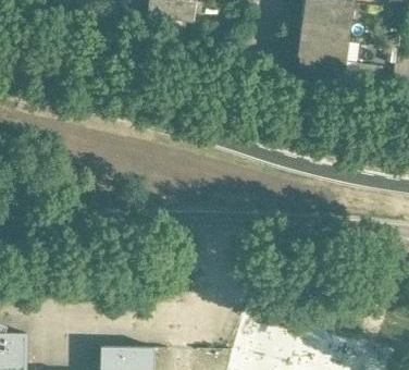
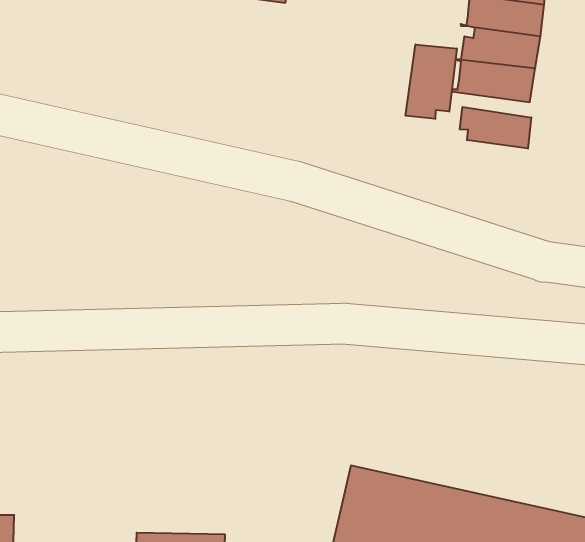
building: none -> [406,44,457,119]
building: none -> [460,107,531,149]

